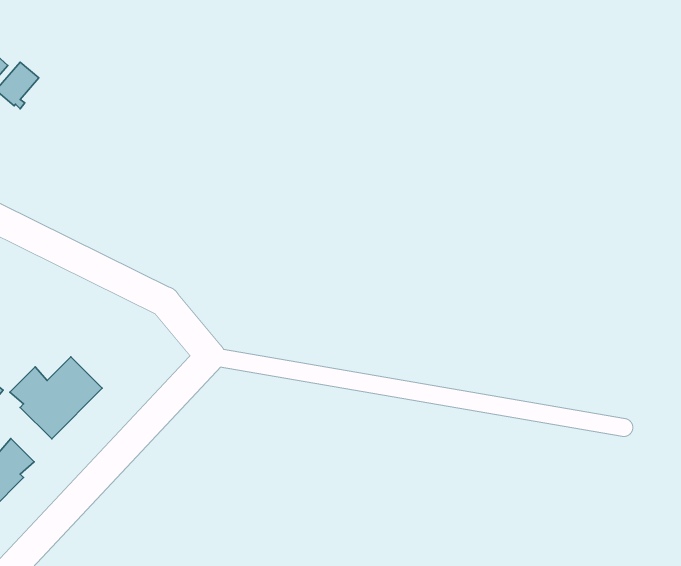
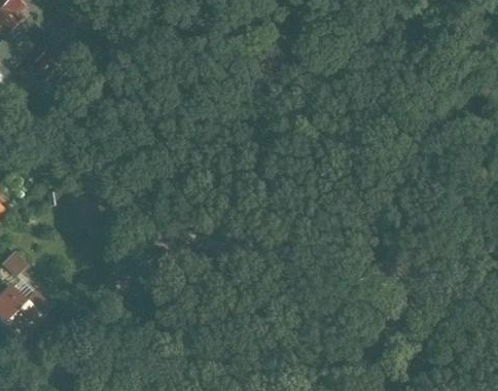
building: [10,357,102,439] -> none

